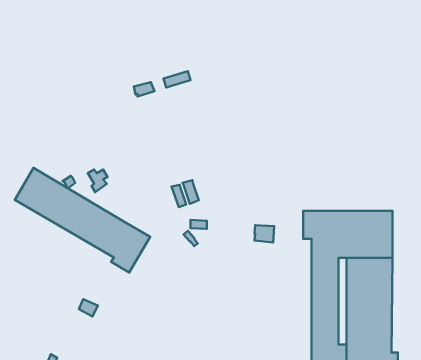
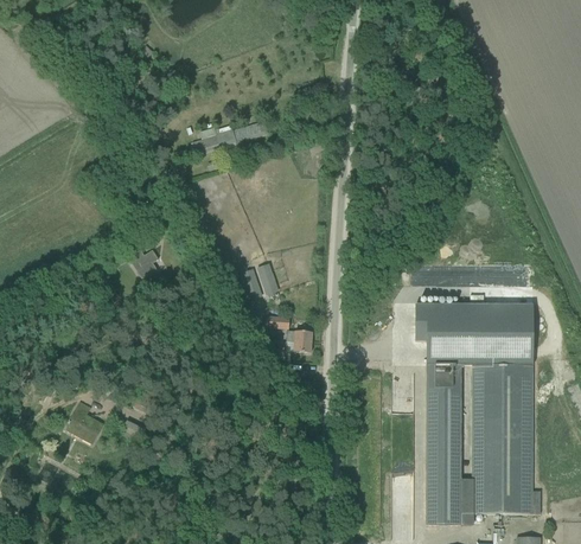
building: [15,168,150,272] -> none
building: [254,225,274,242] -> [287,329,313,352]
building: none -> [66,403,103,442]

